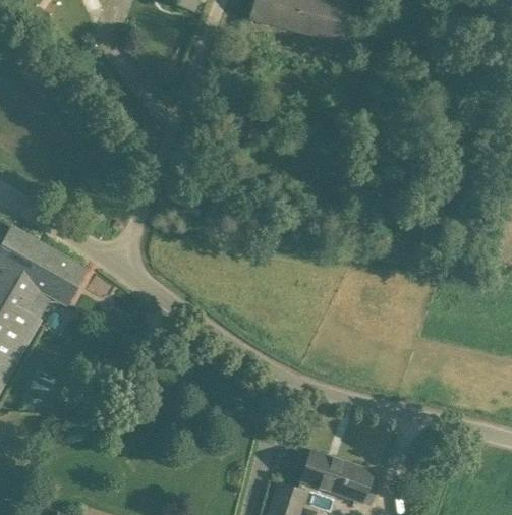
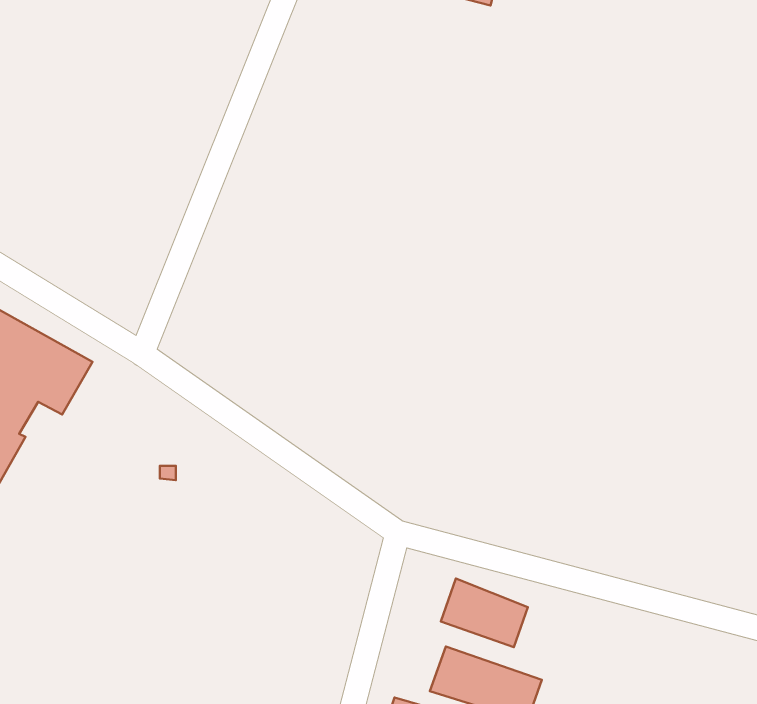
building: none -> [441,578,528,647]

